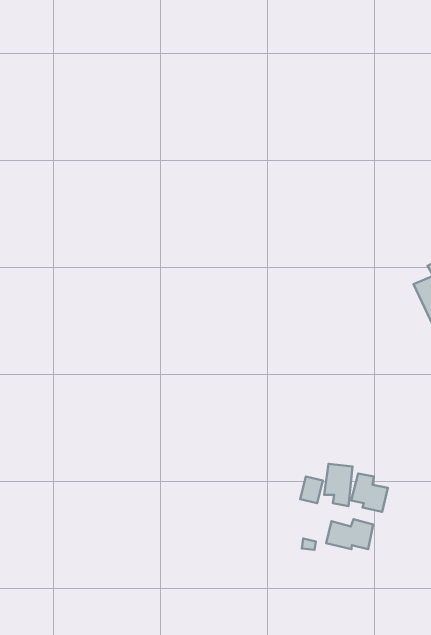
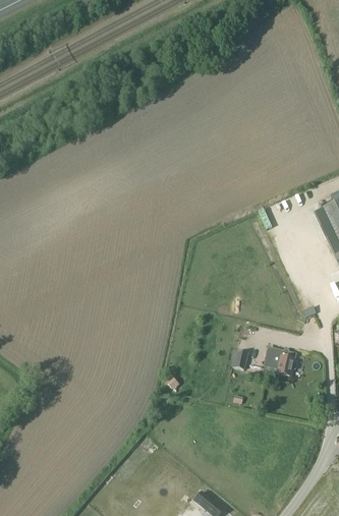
building: [326,519,373,549] -> none

